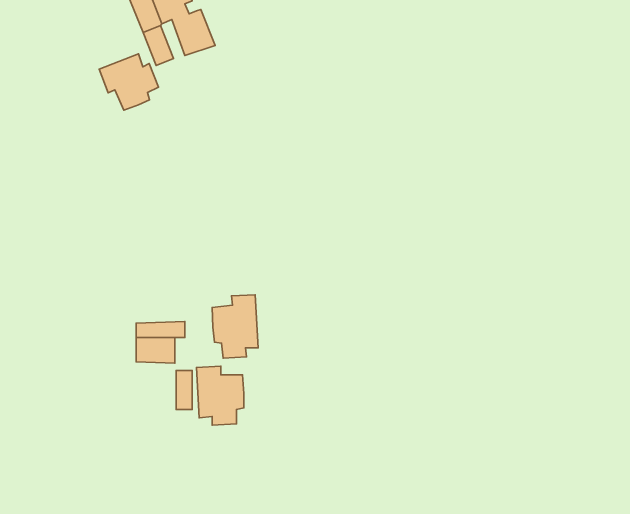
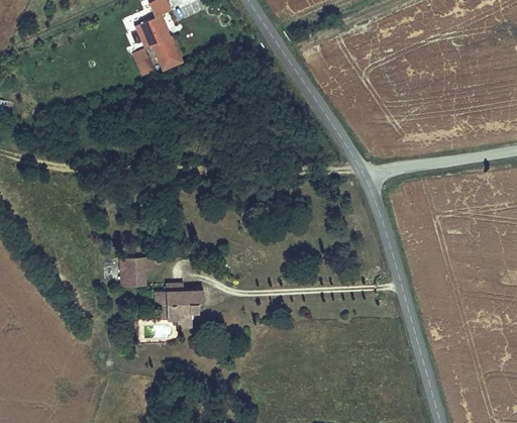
building: [99,54,158,110] -> none
building: [212,295,258,358] -> none

